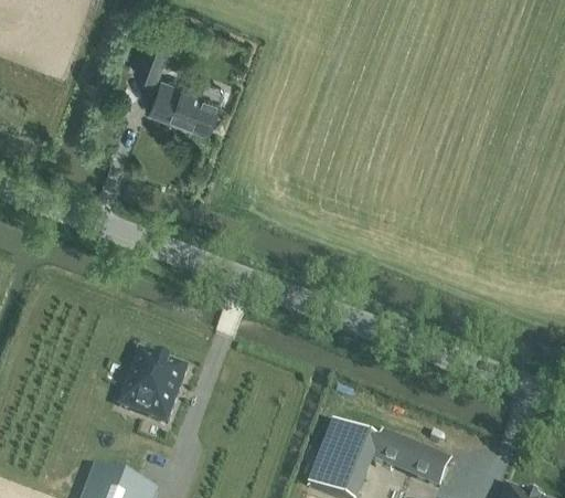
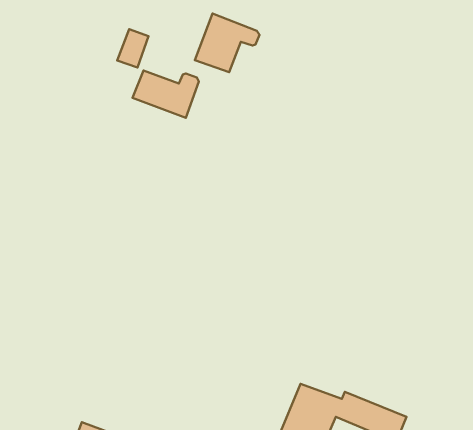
building: none -> [195,14,259,72]
building: [118,347,188,421] -> none

